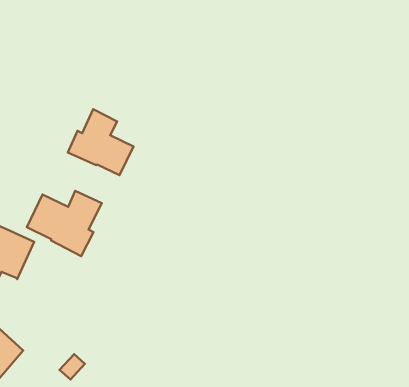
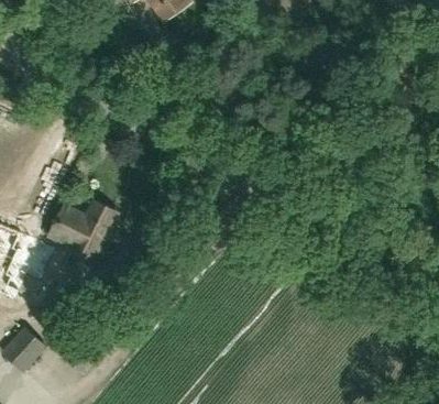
building: [68,109,133,175] -> none

